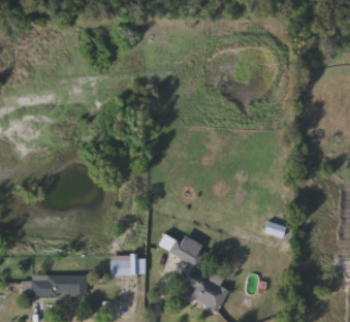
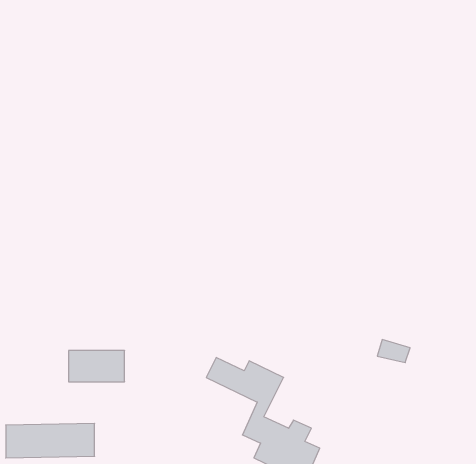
building: [109,255,145,275] -> [69,351,125,382]

